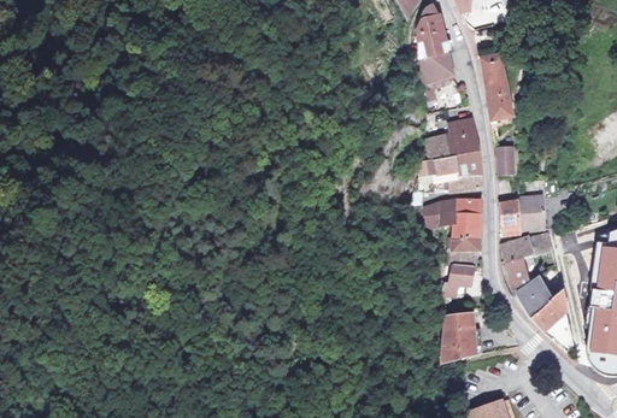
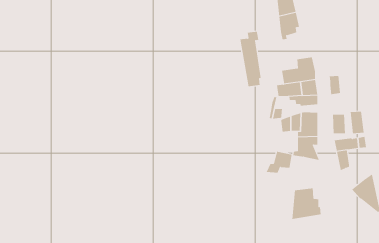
building: [480,43,512,126] -> [240,31,261,87]
building: [442,264,482,296] -> [266,151,293,173]
building: [516,276,547,312] -> none

